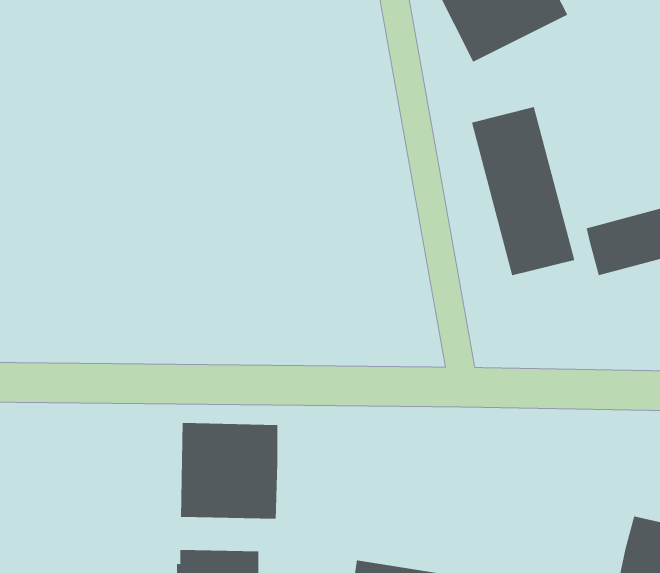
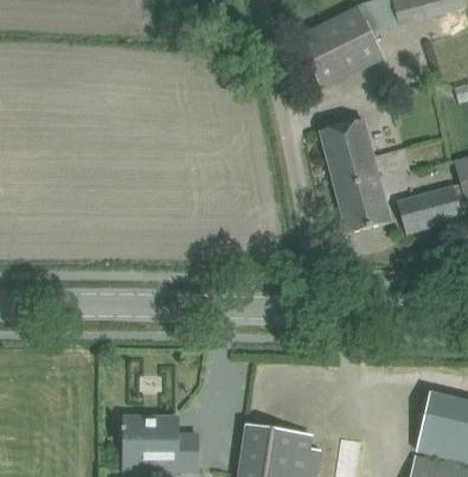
building: [180,422,278,520] -> none

